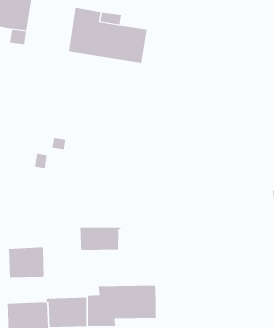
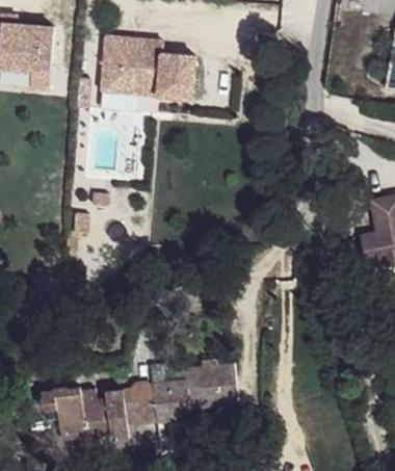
building: [80,227,121,251] -> none
building: [9,246,44,278] -> none

